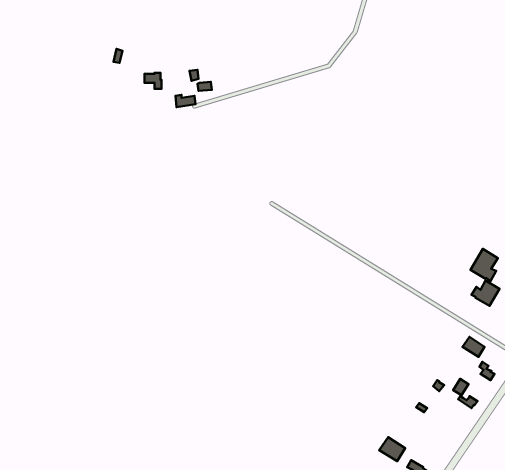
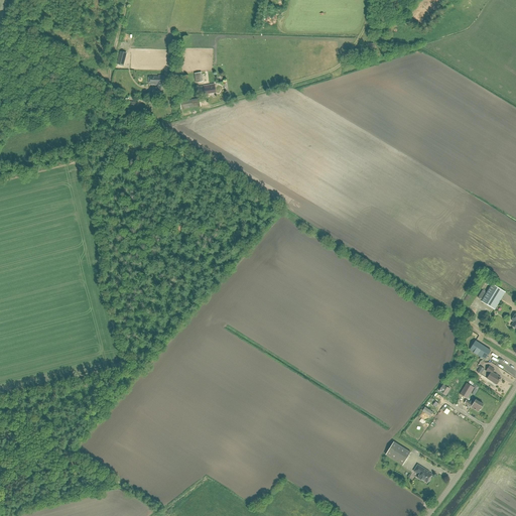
building: [471,249,498,281] -> none

